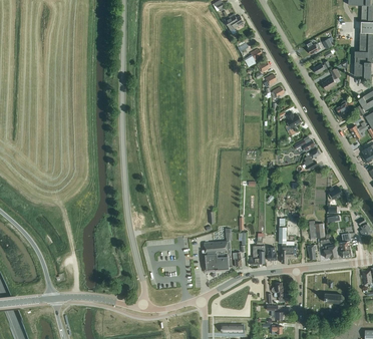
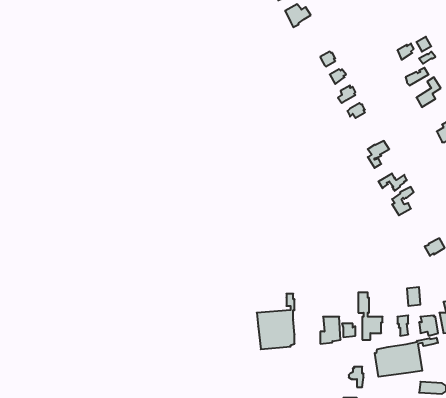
building: none -> [375,338,438,377]

